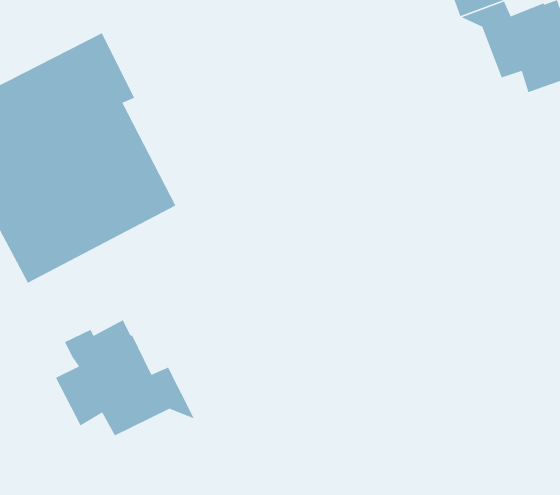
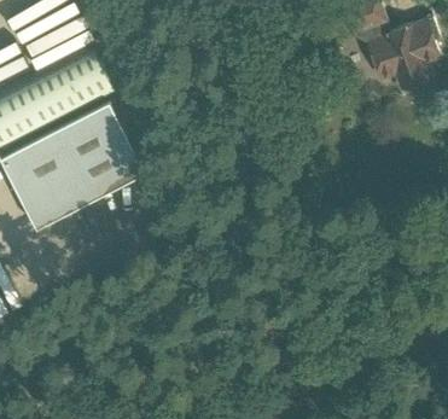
building: [55,319,196,437] -> none

